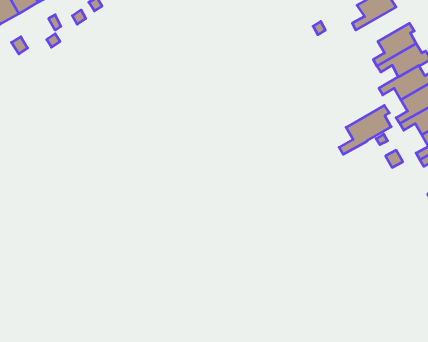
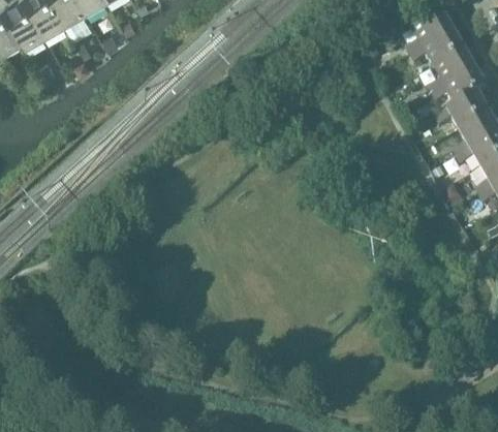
building: none -> [412,32,470,69]
building: [339,105,391,154] -> none

